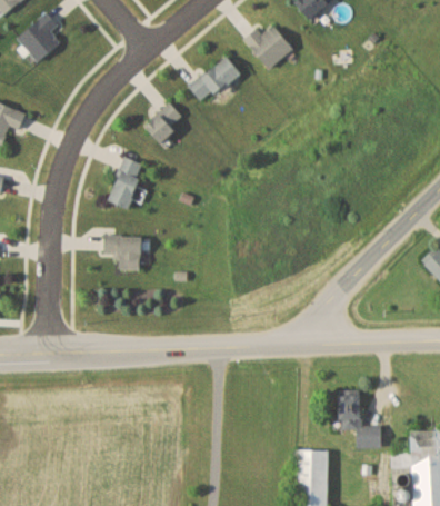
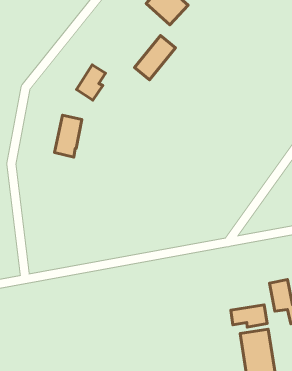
building: [188,53,240,105] -> [135,35,175,80]
building: [101,236,140,270] -> none
building: none -> [231,305,267,327]

